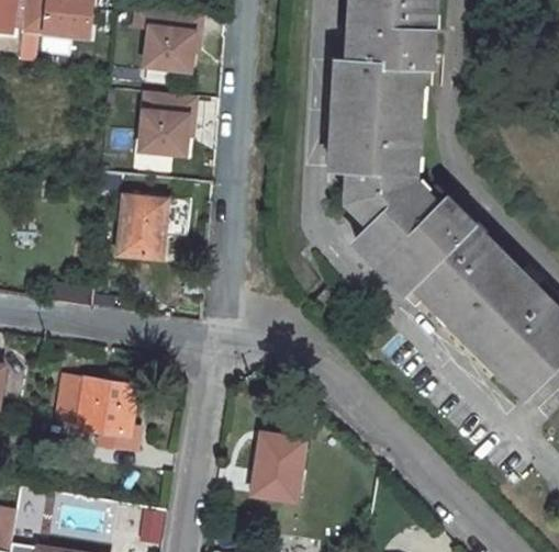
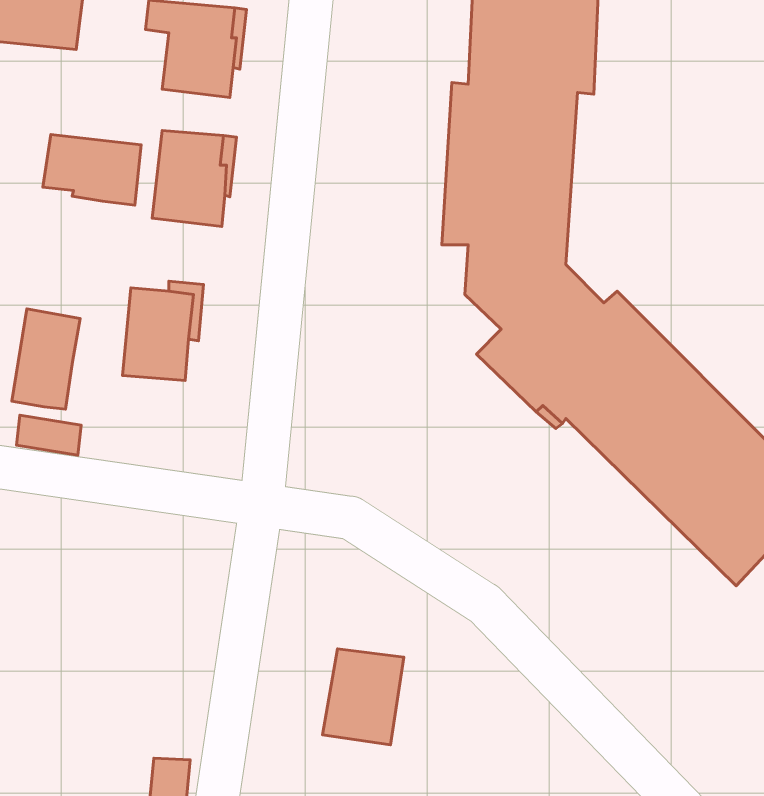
building: none -> [43,135,141,205]
building: none -> [12,309,80,409]
building: [55,375,139,451] -> none

